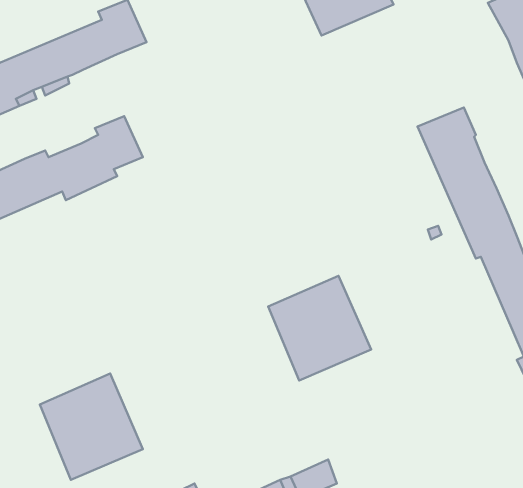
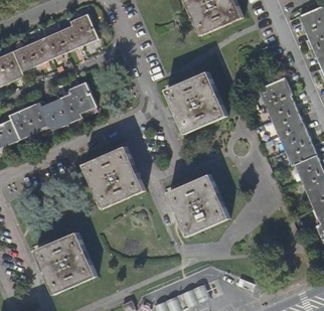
building: none -> [165,71,226,135]
building: none -> [85,147,145,208]

